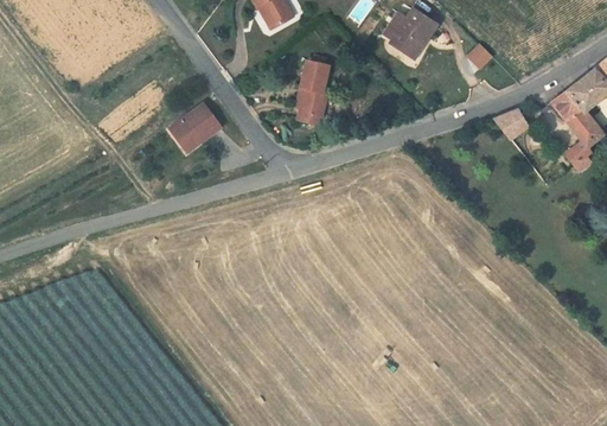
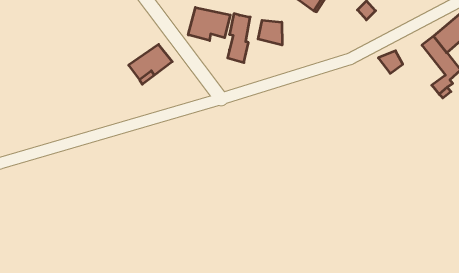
building: none -> [188,7,230,41]
building: none -> [258,20,282,45]

